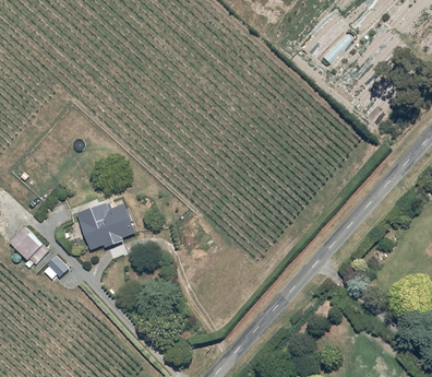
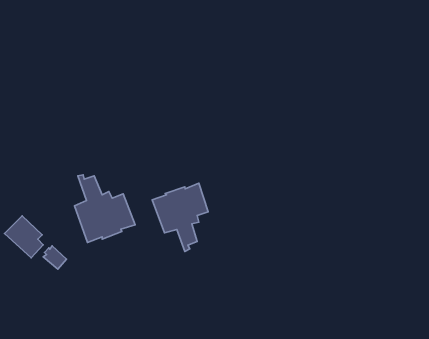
building: none -> [152,183,208,252]

